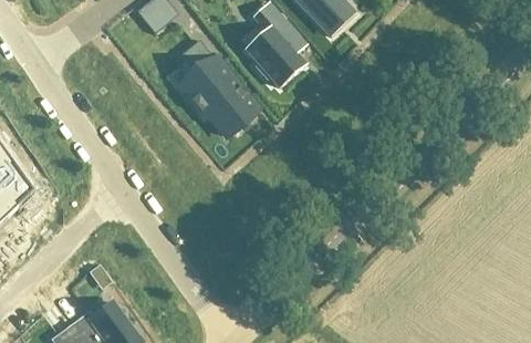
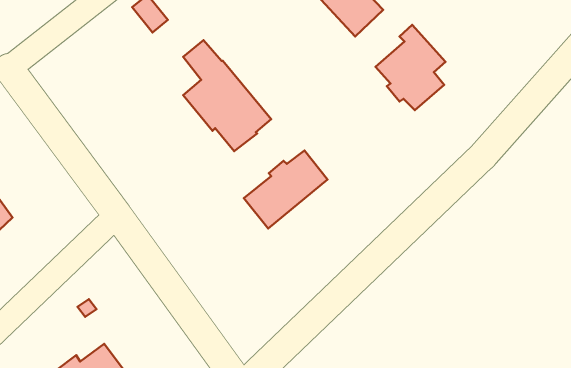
building: [244,12,305,86] -> [375,25,445,110]
building: none -> [244,150,327,228]

